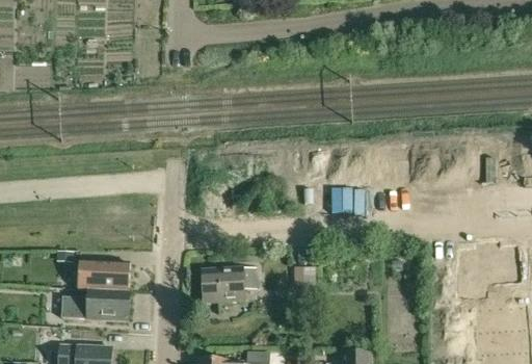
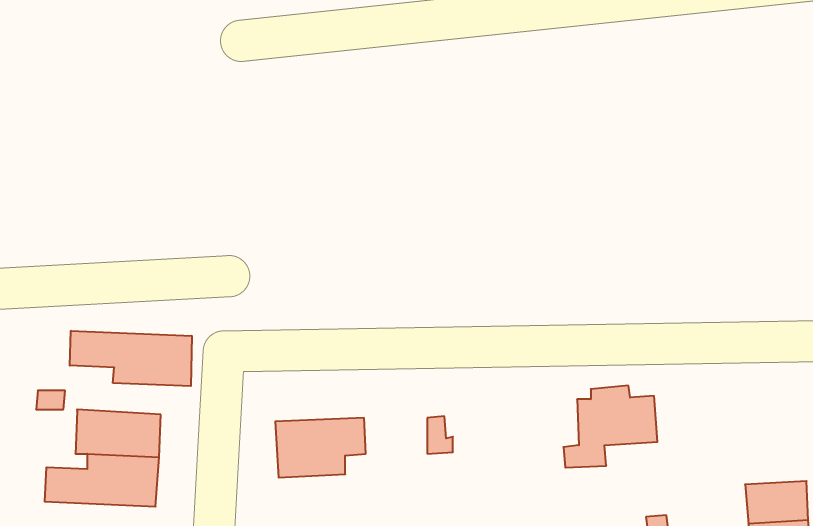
building: none -> [70,331,192,386]
building: [459,241,516,291] -> [563,386,657,468]

